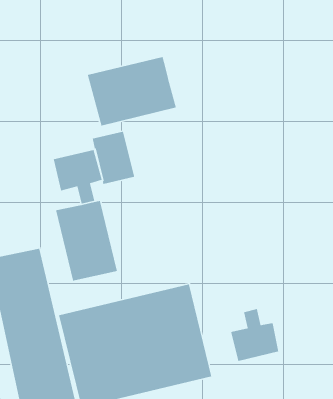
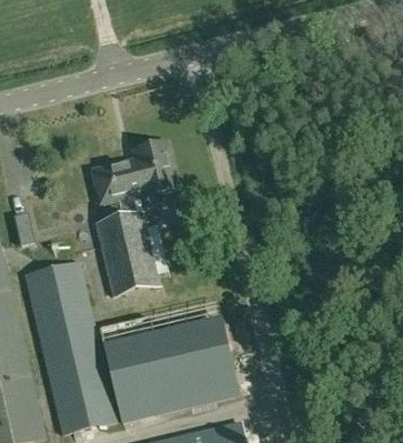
building: [87,56,177,126] -> none
building: [230,308,279,362] -> none

